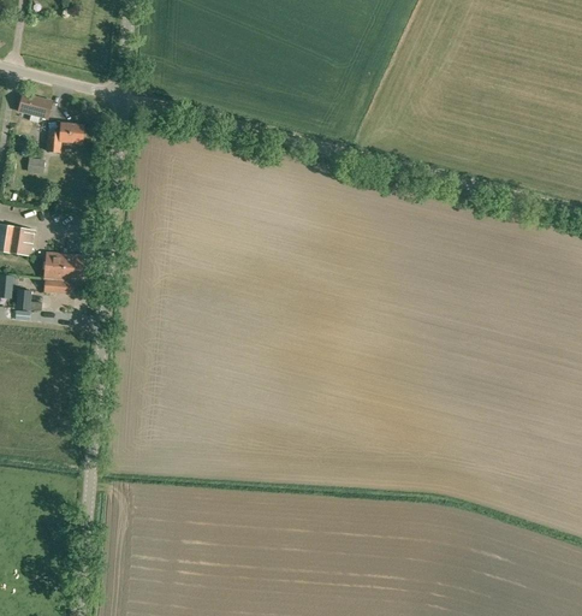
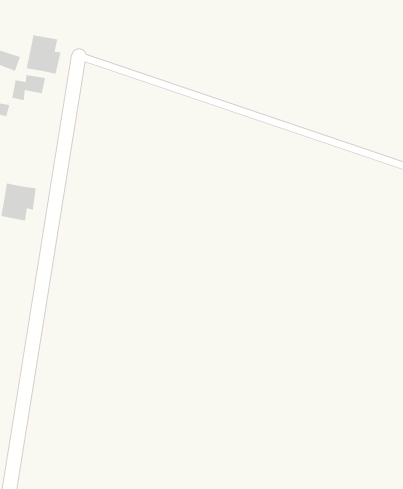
building: none -> [26,35,61,74]

